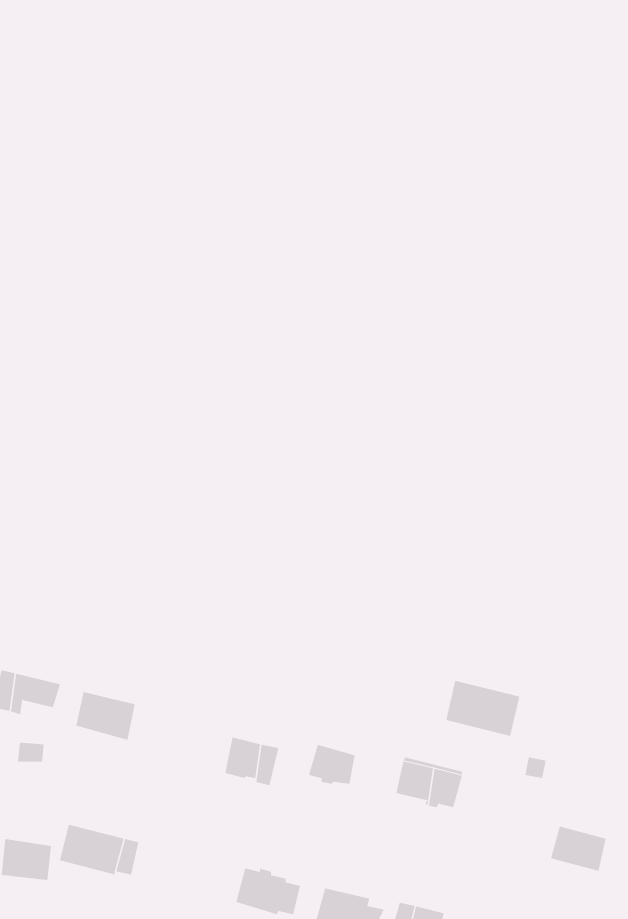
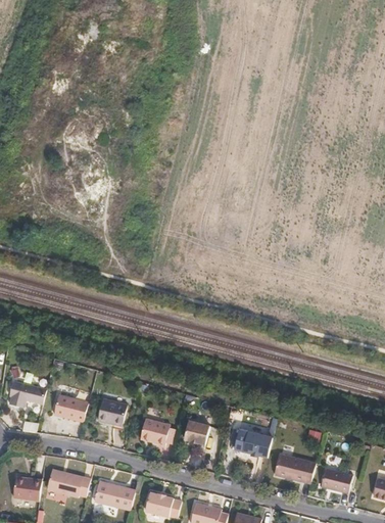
building: [446,680,520,737] -> [274,451,316,483]
building: none -> [97,396,126,424]
building: none -> [93,482,134,512]

